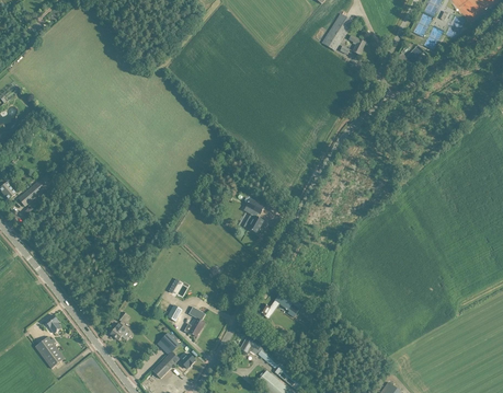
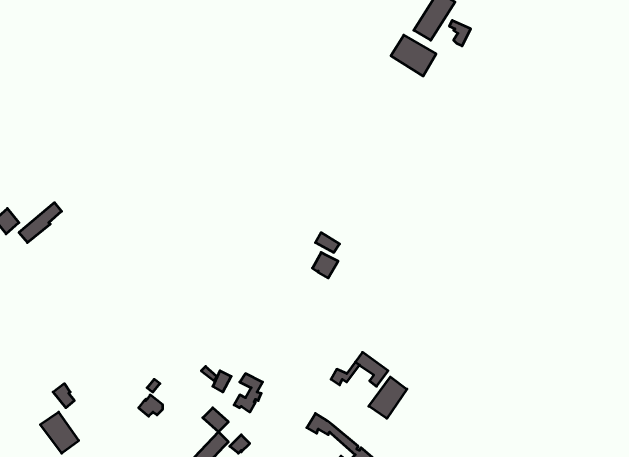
building: none -> [391,35,436,76]
building: none -> [369,377,407,418]

